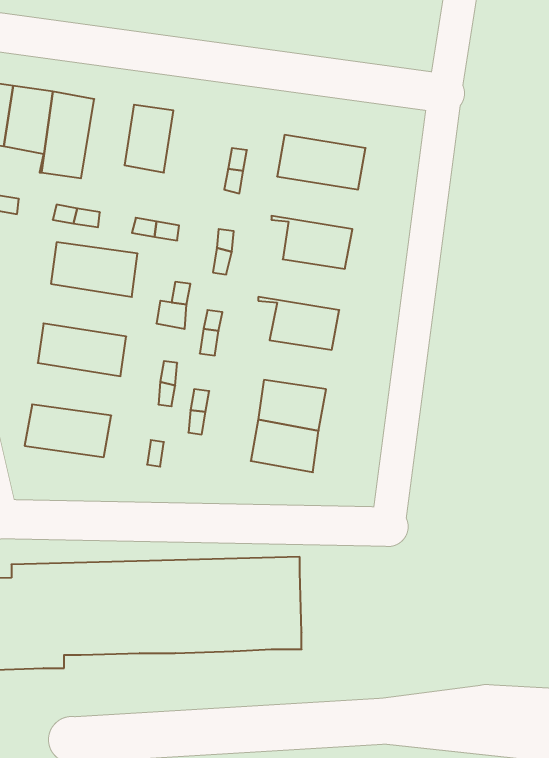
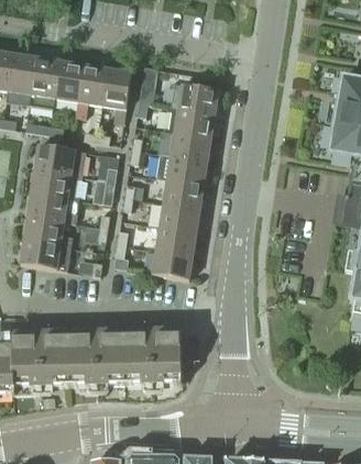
building: none -> [52,59,83,106]
building: none -> [100,66,130,120]
building: none -> [163,104,214,135]
building: none -> [155,152,206,183]
building: none -> [30,167,81,198]
building: none -> [158,200,198,229]
building: none -> [23,213,70,244]

